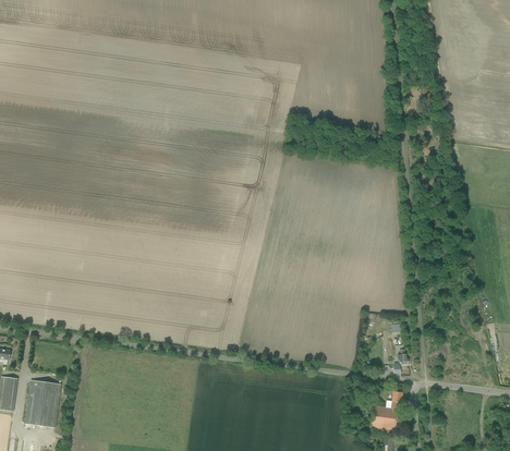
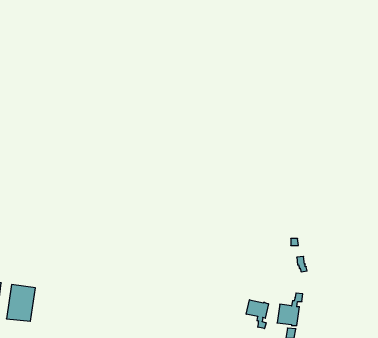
building: none -> [246,300,268,329]

